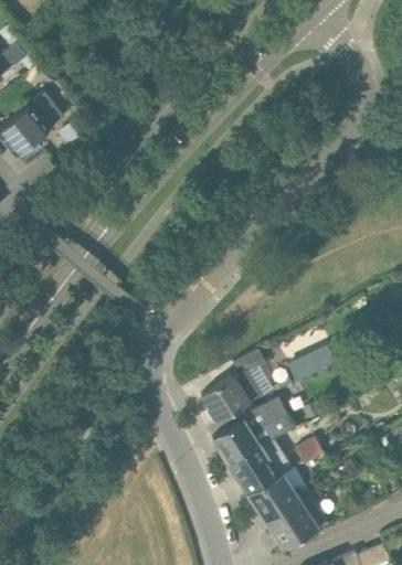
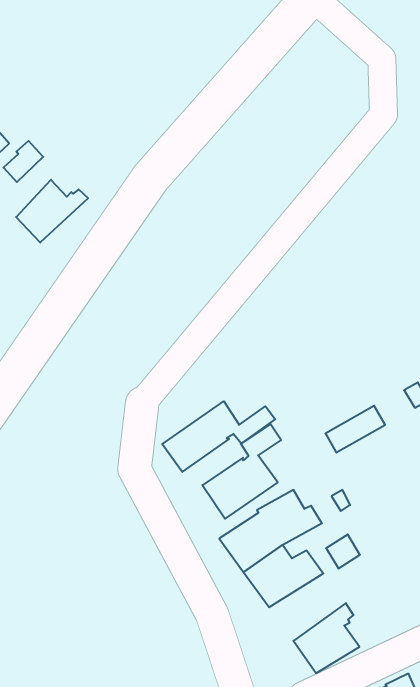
building: none -> [16,180,88,243]
building: none -> [162,401,275,472]
building: [248,468,309,522] -> none

